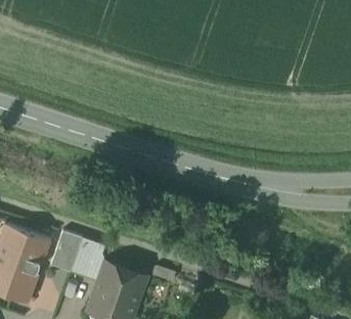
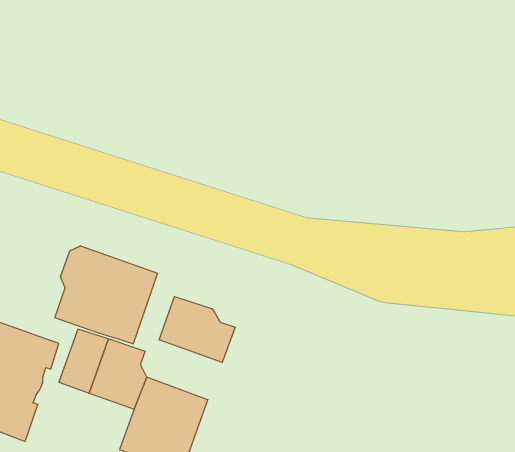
building: none -> [55,246,158,344]
building: none -> [159,297,235,363]

